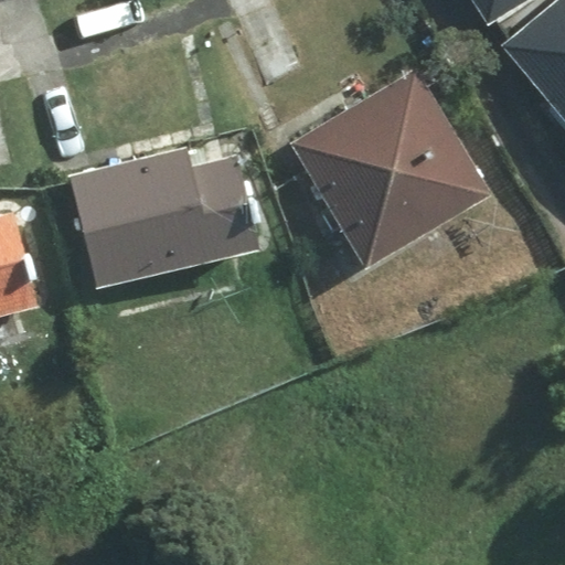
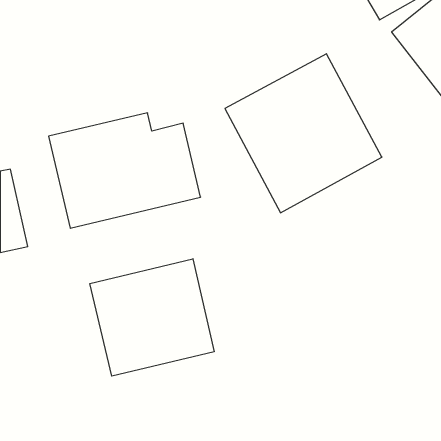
building: none -> [90,259,214,376]

